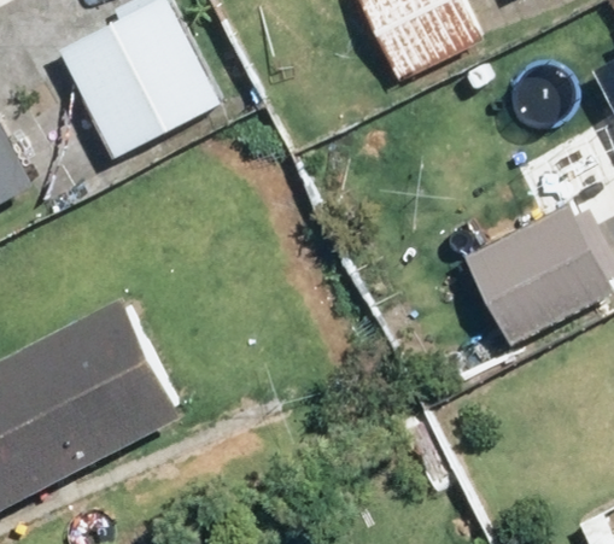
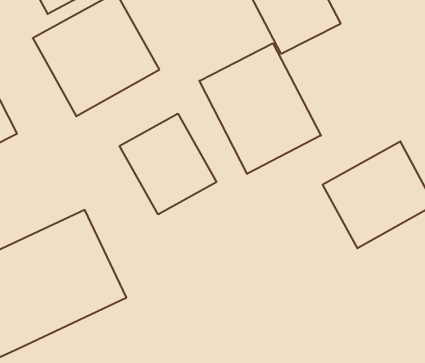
building: none -> [199,43,321,174]
building: none -> [120,114,216,214]

